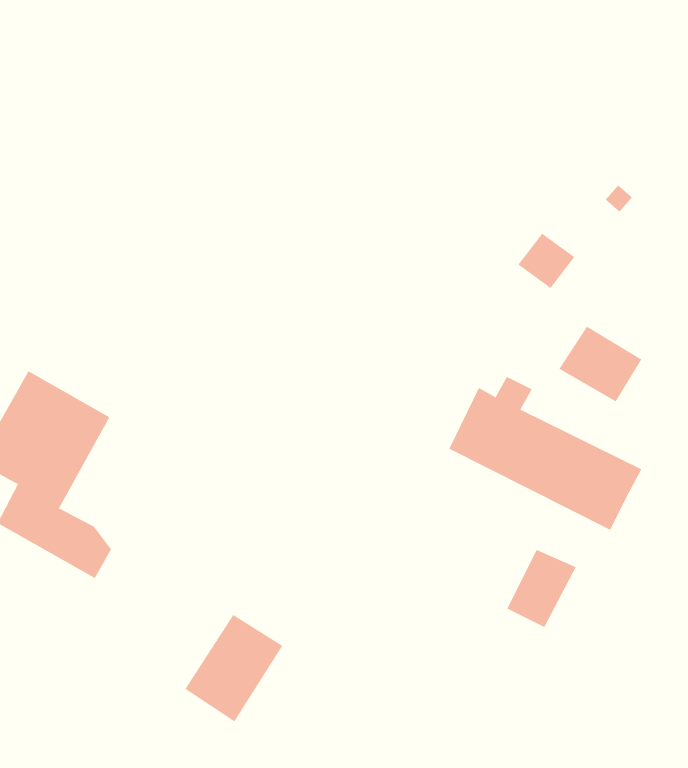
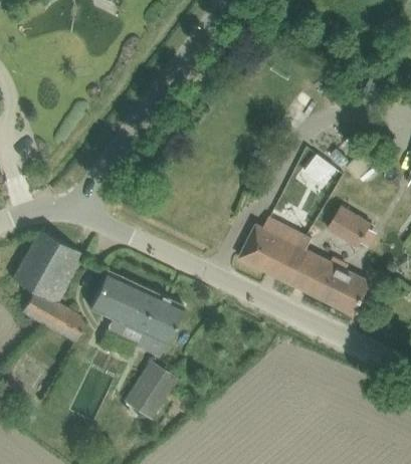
building: none -> [239,217,298,271]
building: none -> [89,270,184,357]
building: [506,549,576,628] -> none

